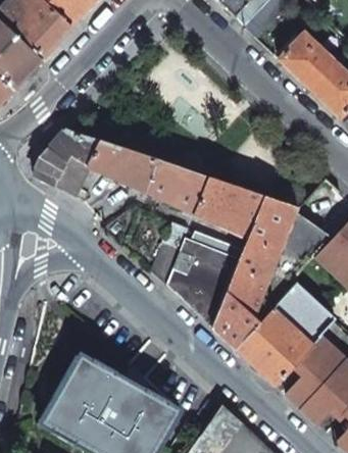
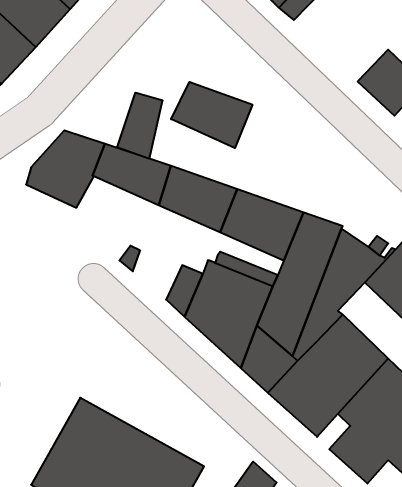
building: [279,34,335,89] -> none
building: none -> [171,82,252,148]
building: none -> [117,93,163,159]

